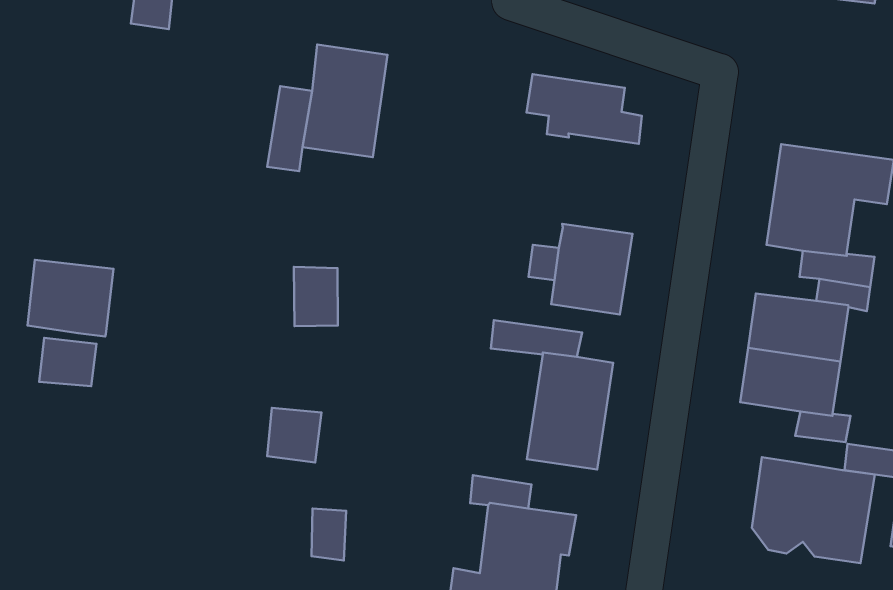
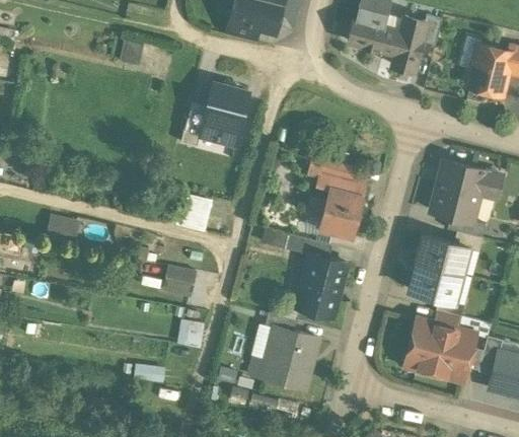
building: [527,74,642,144] -> [308,156,367,198]
building: [27,260,113,337] -> none

